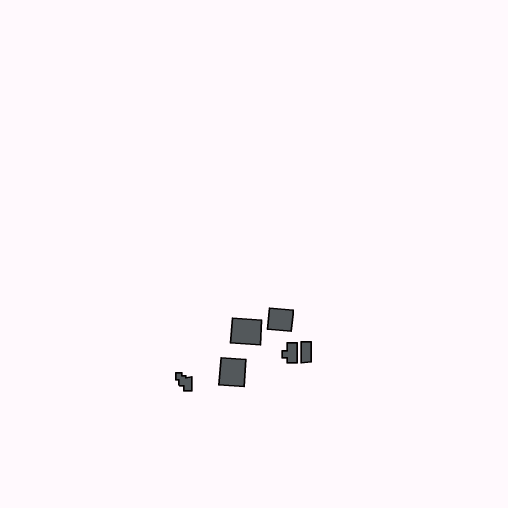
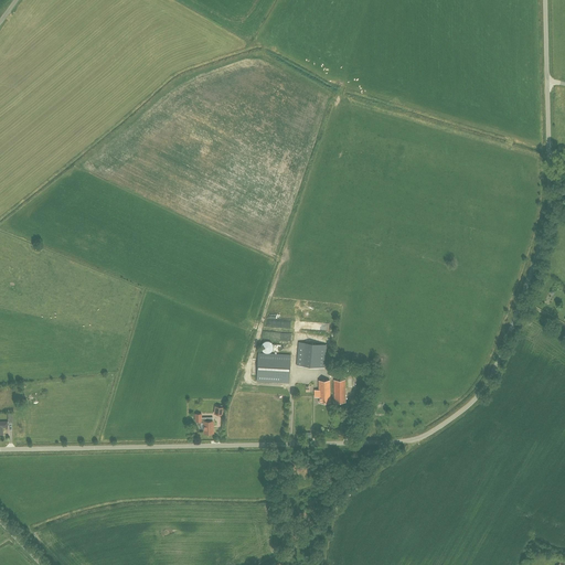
building: [219,358,246,386] -> none

